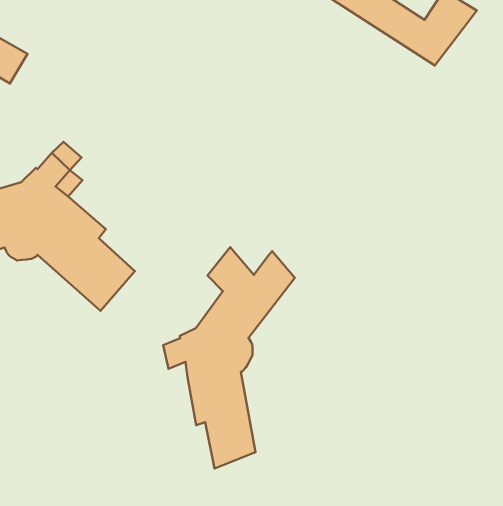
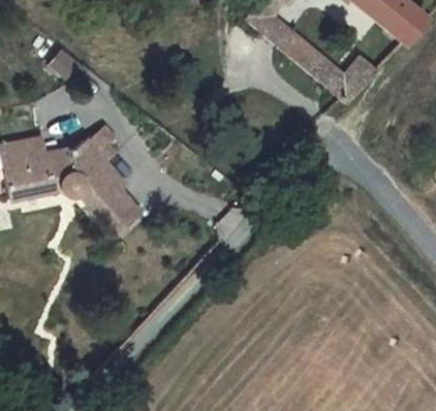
building: [163,247,295,469] -> none

